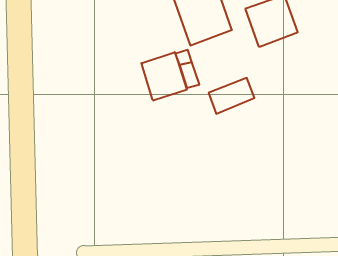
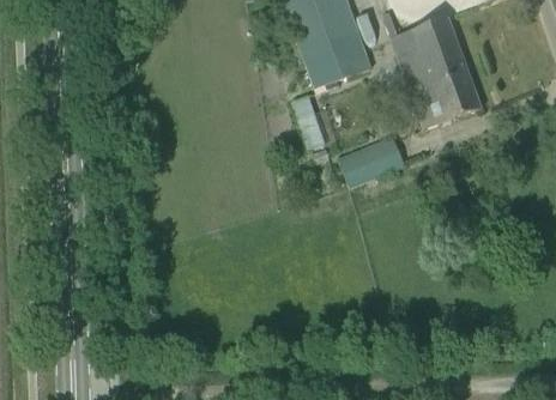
building: none -> [410,71,481,128]
building: [141,52,187,101] -> none

